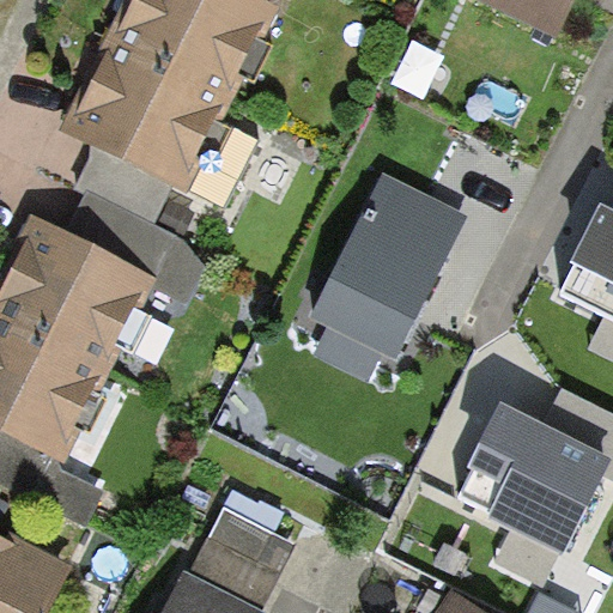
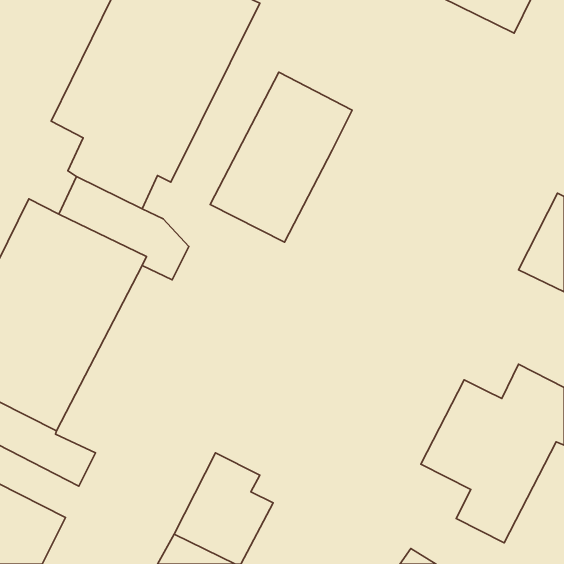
building: [310,176,463,359] -> [210,72,352,242]

